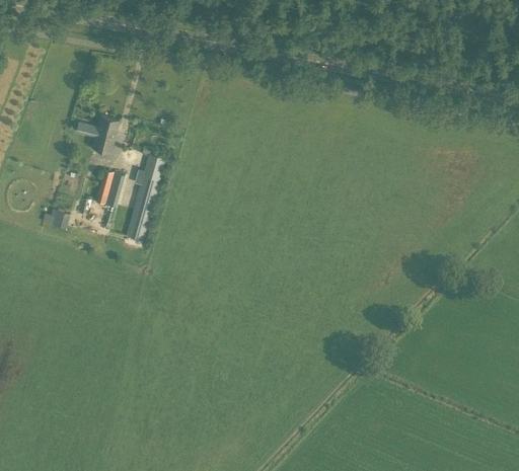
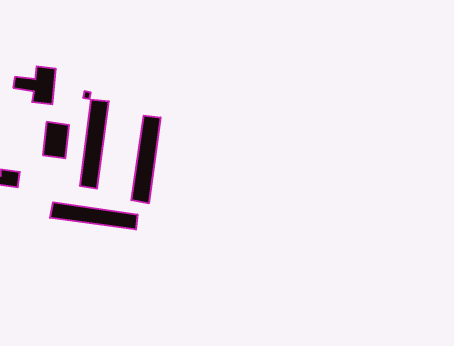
building: none -> [131,116,161,203]
building: none -> [50,202,137,230]

